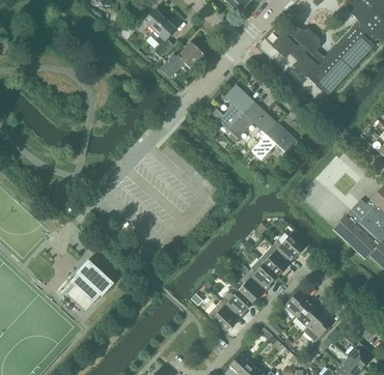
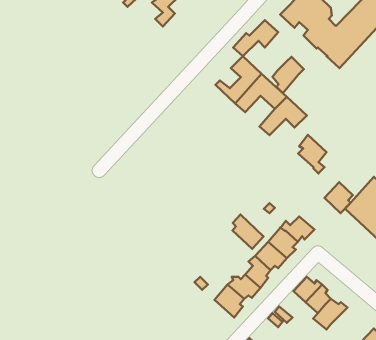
building: [161,42,203,77] -> [233,20,278,56]
building: none -> [272,57,304,93]
building: none -> [298,135,326,174]
building: none -> [325,182,353,213]
building: none -> [233,215,264,249]
building: [68,259,114,311] -> none

